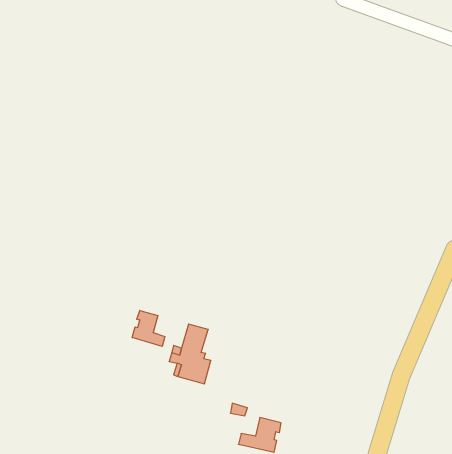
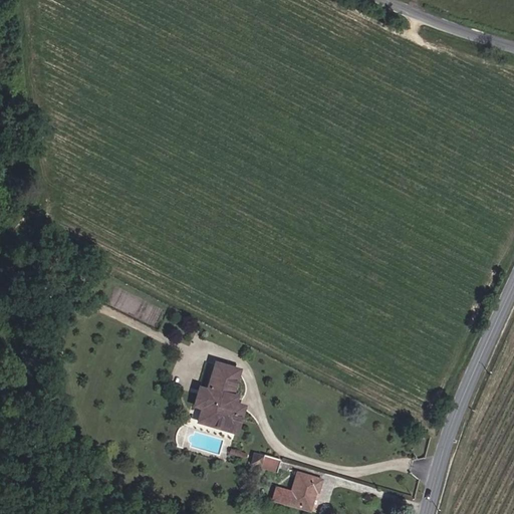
building: [132,310,165,346] -> none

